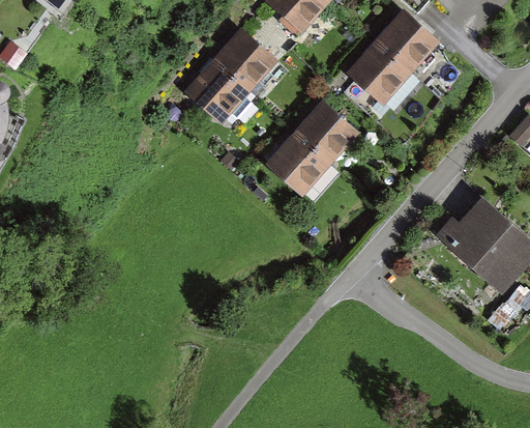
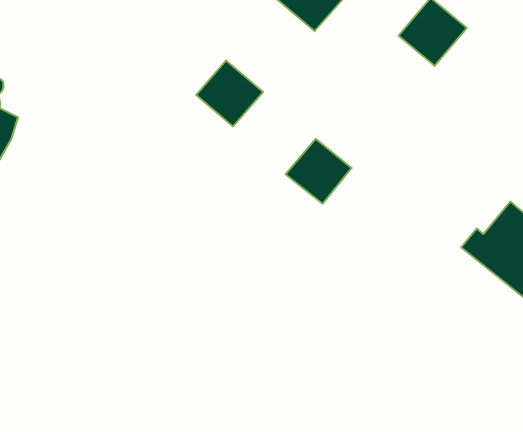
building: [215,30,277,92] -> none
building: [347,40,408,102] -> none
building: [298,105,356,163] -> none

